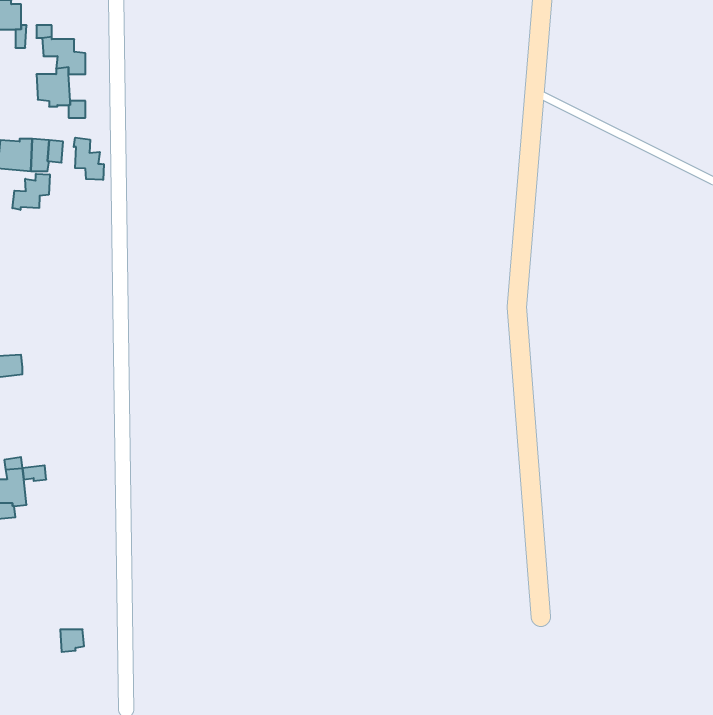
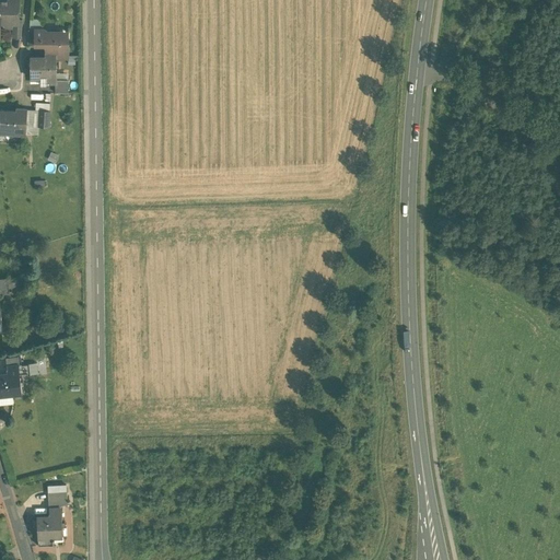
building: [74,138,104,180] -> none
building: [12,174,50,210] -> none
building: none -> [35,509,61,538]

